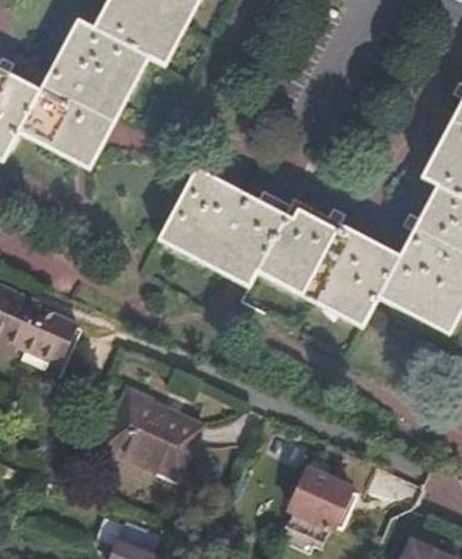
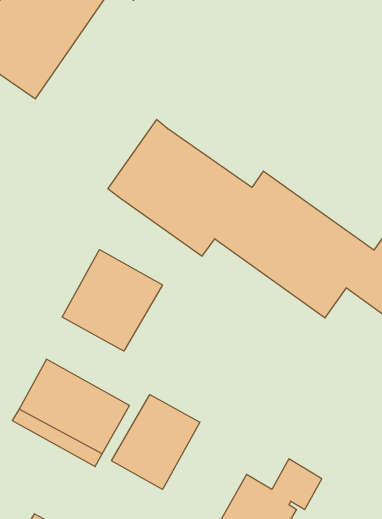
building: none -> [62,250,162,351]
building: none -> [112,395,200,489]

